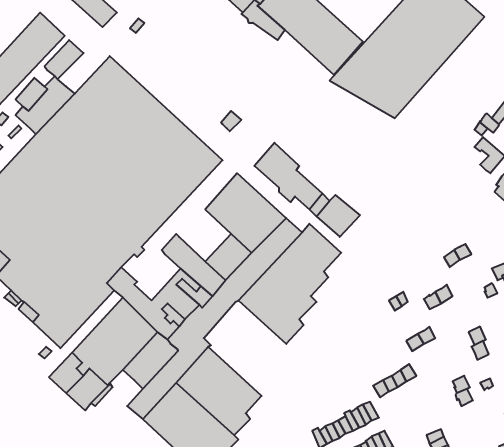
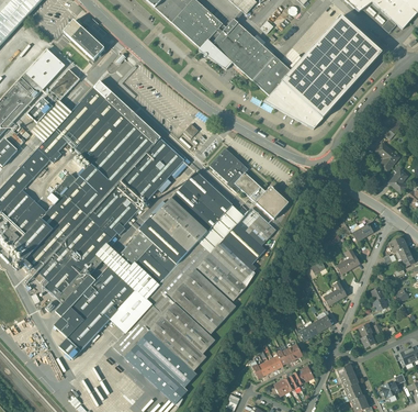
building: none -> [151,197,191,236]
building: none -> [117,231,152,266]
building: none -> [170,267,235,332]

